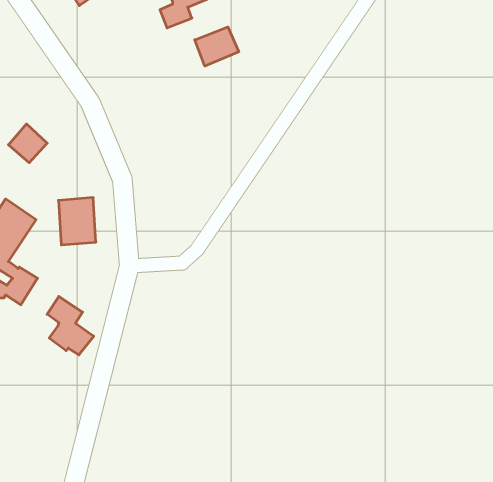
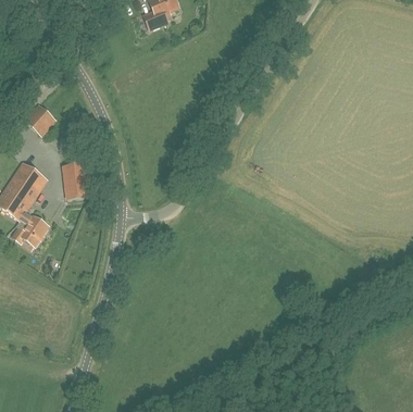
building: [195,27,239,66] -> none
building: [47,296,94,355] -> none

